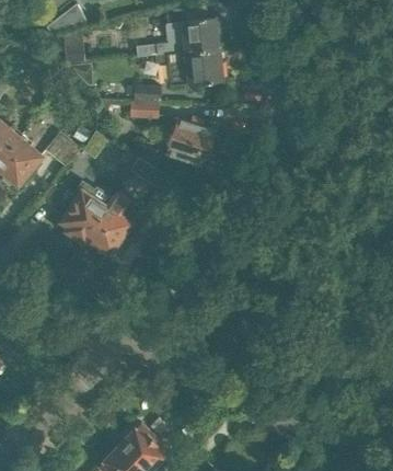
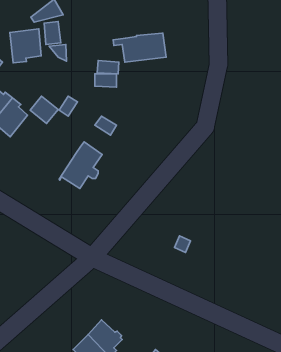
building: [135,19,218,58] -> none
building: none -> [10,29,41,63]
building: [167,119,213,165] -> none
building: [61,182,111,241] -> none

